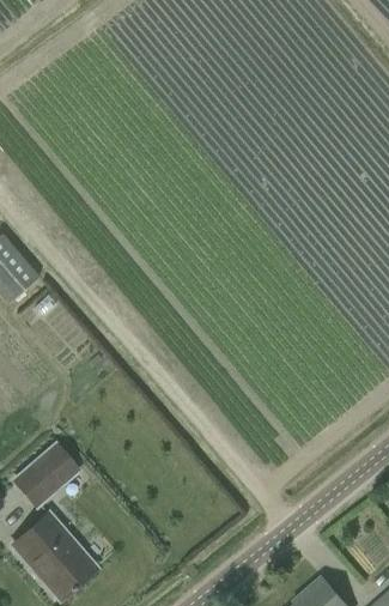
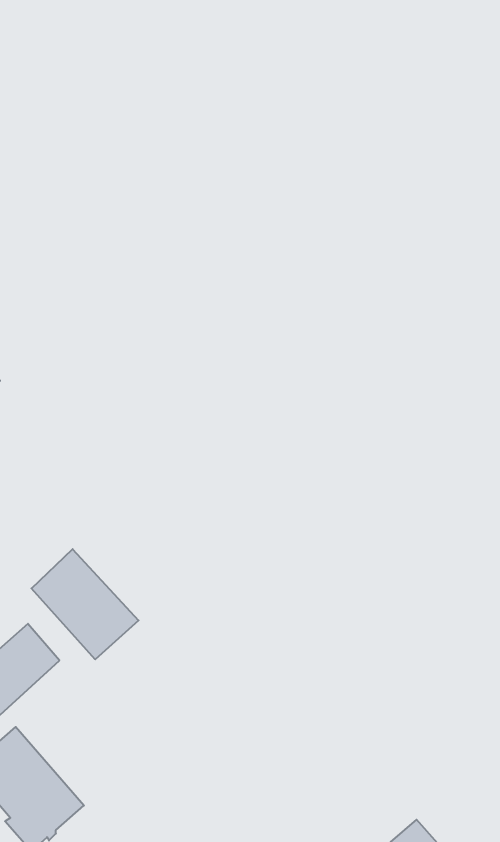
building: none -> [31,549,139,659]

